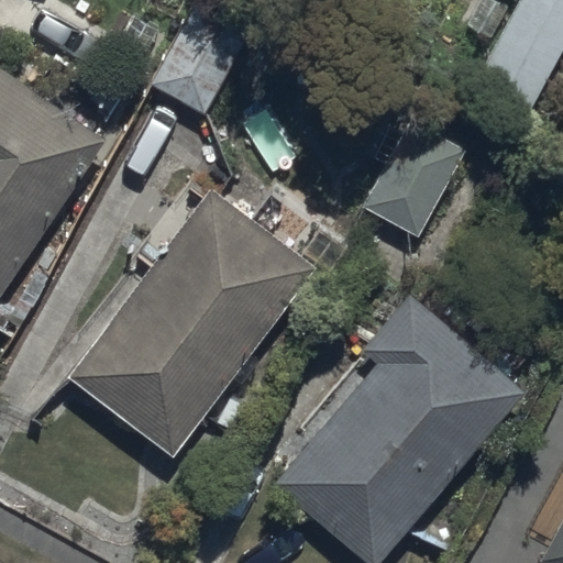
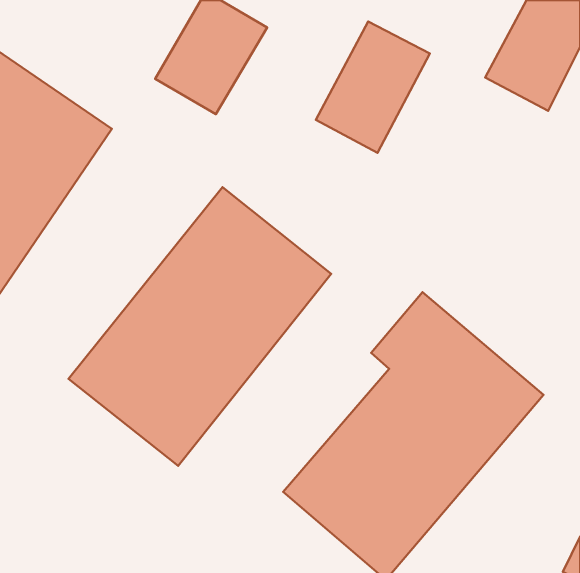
building: [358,115,468,242] -> [316,22,430,153]

